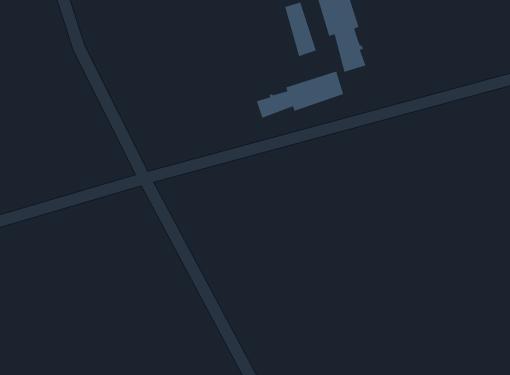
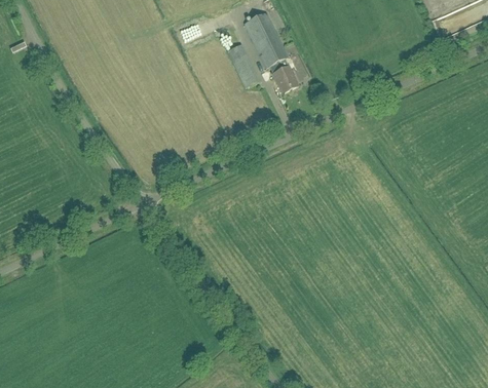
building: [256,71,344,119] -> none

